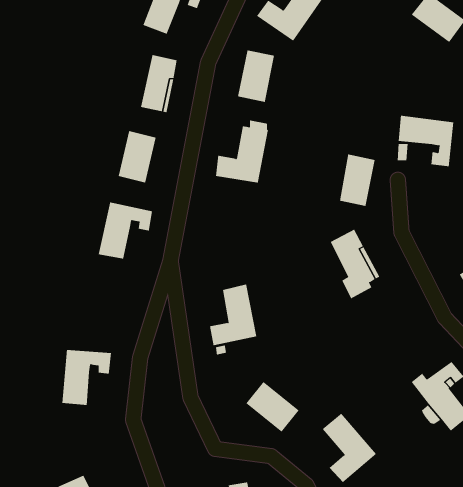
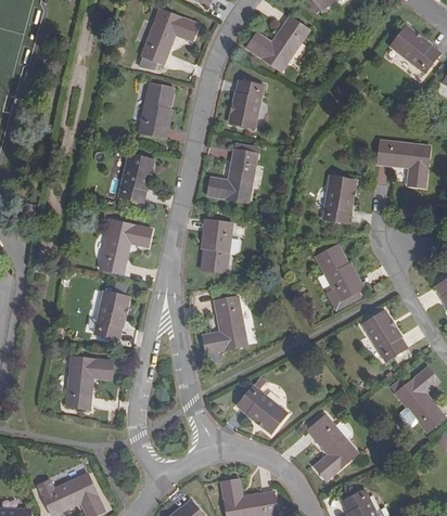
building: none -> [201,221,232,273]
building: none -> [94,291,129,338]
building: none -> [362,310,407,361]

